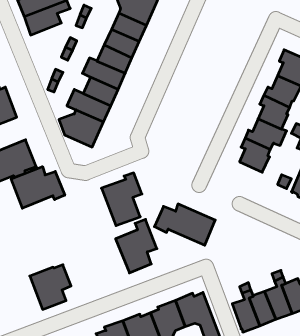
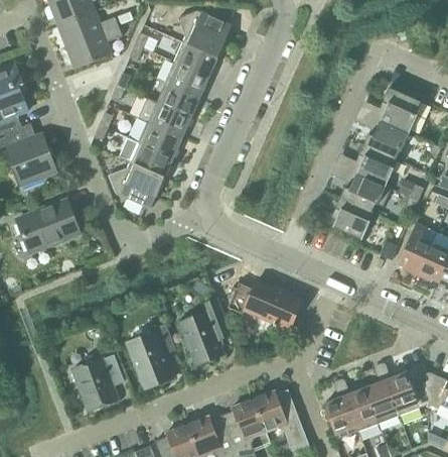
building: [11,167,65,208] -> none
building: [101,173,142,226] -> [126,324,176,389]

